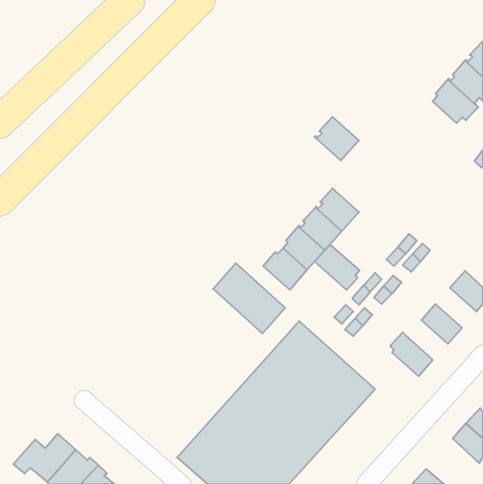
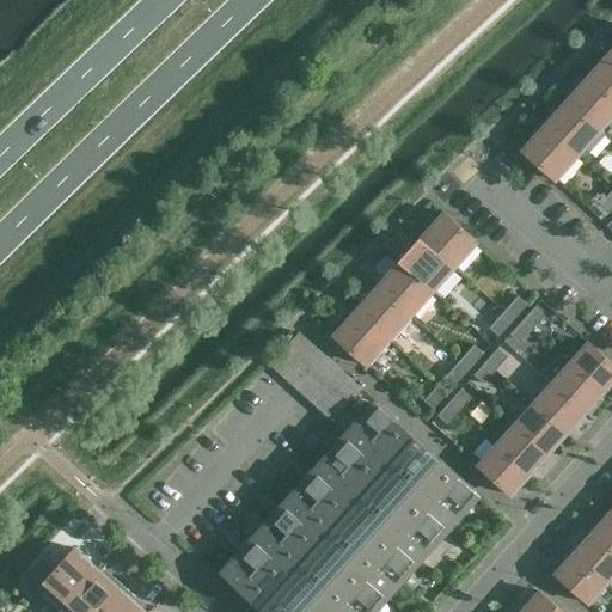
building: none -> [521,128,576,180]
building: [314,117,359,161] -> [420,213,476,268]
building: [315,245,359,290] -> none
building: none -> [550,363,601,414]
building: none -> [508,404,565,454]
building: none -> [476,445,528,495]
building: none -> [553,553,605,604]

